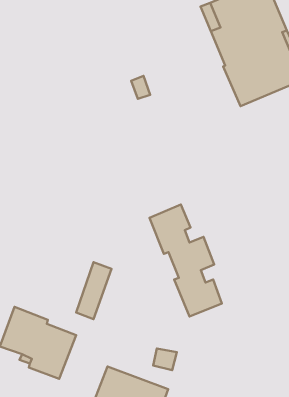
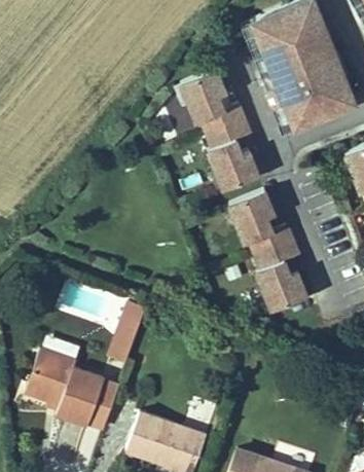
building: none -> [180,68,260,189]
building: [150,205,222,317] -> [228,186,306,307]

